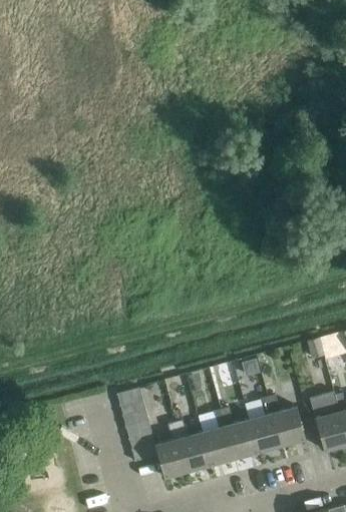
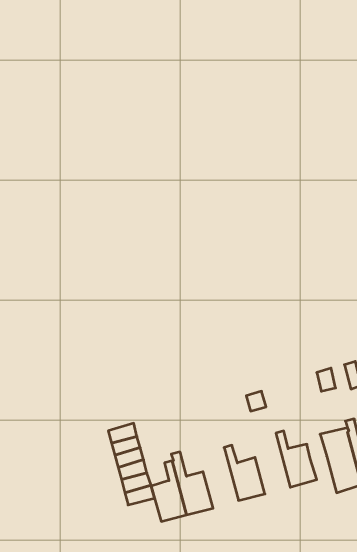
building: [251,387,283,452] -> none
building: [204,410,236,465] -> none

